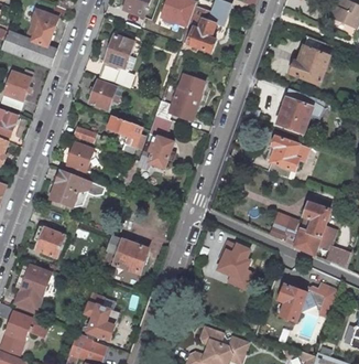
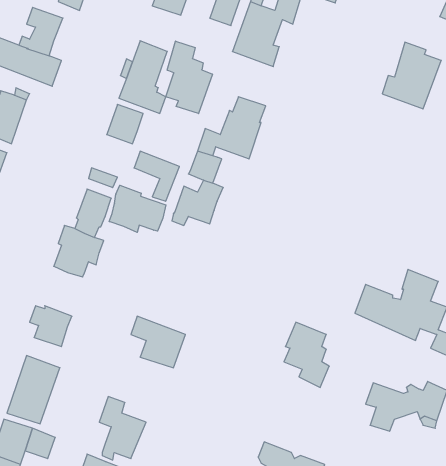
building: none -> [166,41,212,114]
building: [278,86,327,131] -> none
building: [269,135,304,178] -> none
building: none -> [109,185,166,232]

